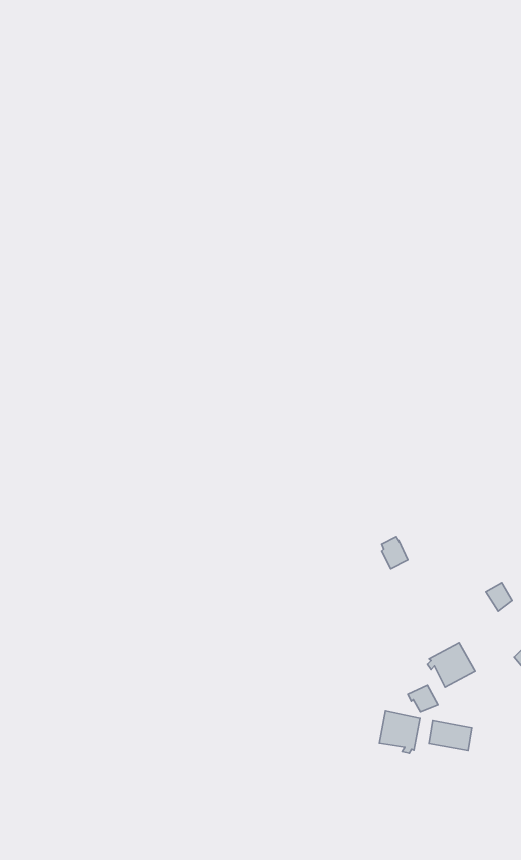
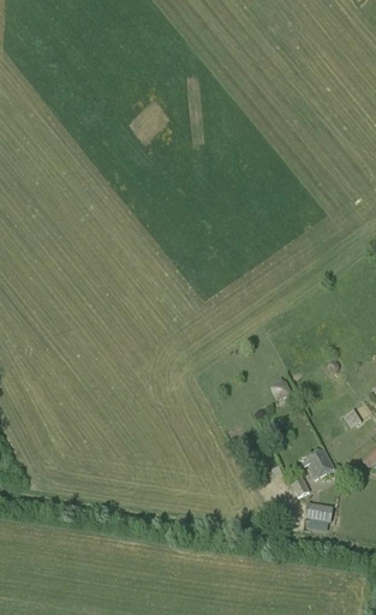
building: [379,711,420,753] -> none

